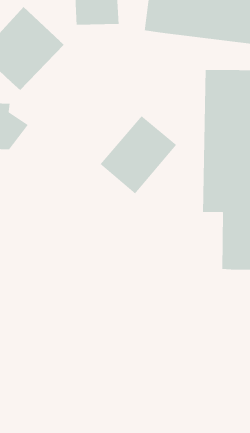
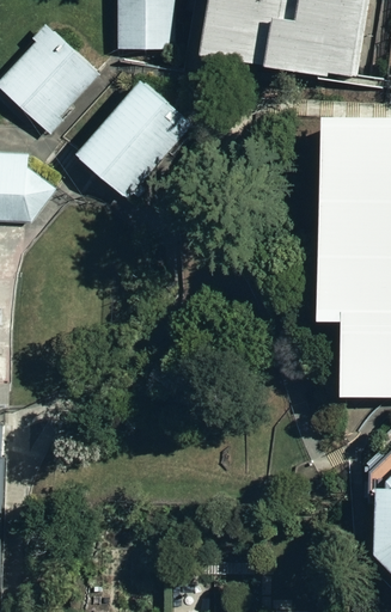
building: [100,115,177,195] -> [92,86,198,195]

